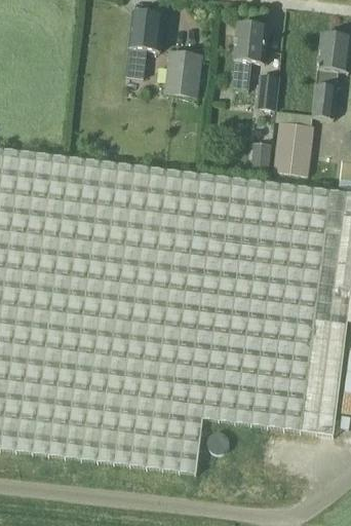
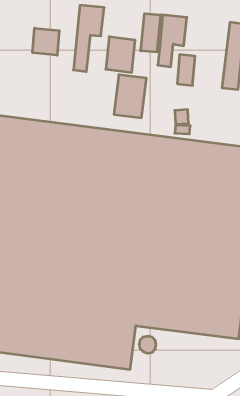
building: none -> [141,14,160,52]
building: none -> [33,28,59,55]
building: [273,121,314,176] -> [114,75,146,118]

